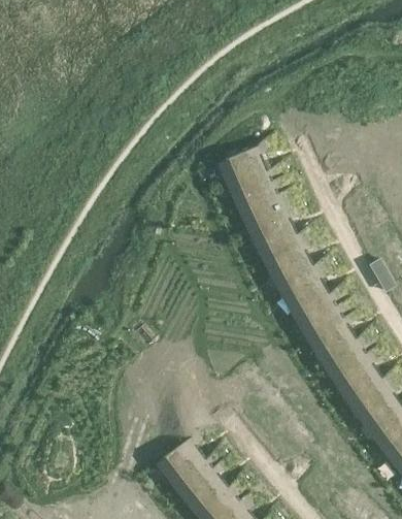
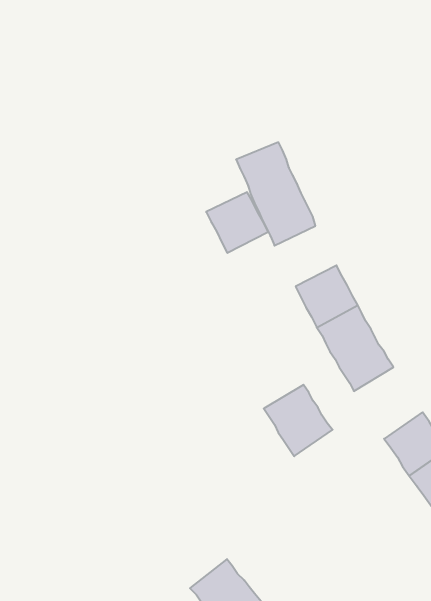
building: [252,216,300,263] -> [206,192,268,253]
building: [313,326,367,382] -> [264,385,333,456]
building: [159,442,214,498] -> none

